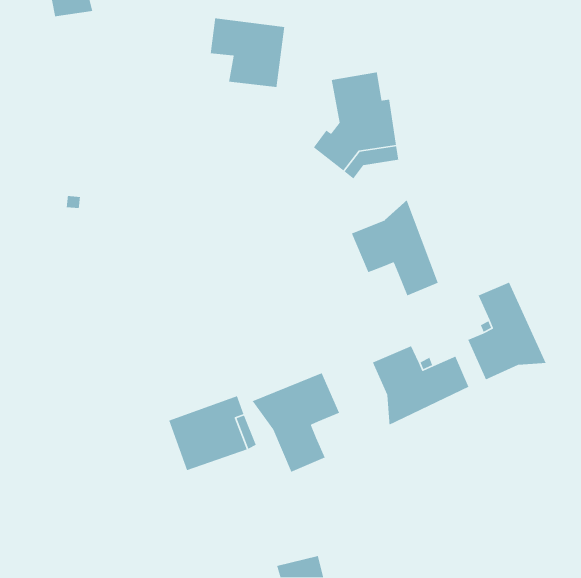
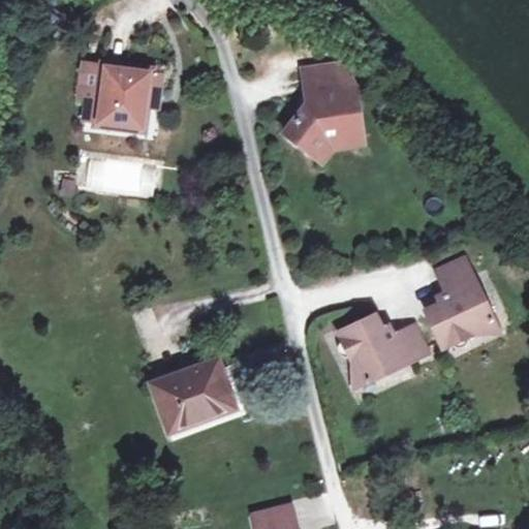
building: [210,18,285,88] -> [80,63,148,127]
building: [351,199,439,297] -> none
building: [252,372,340,473] -> none

